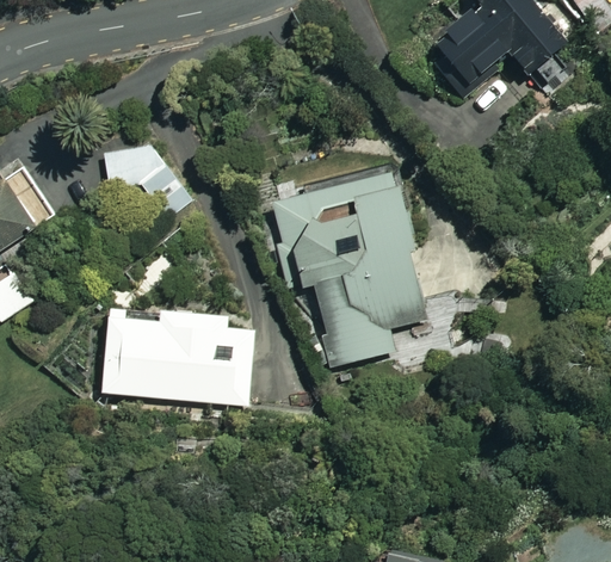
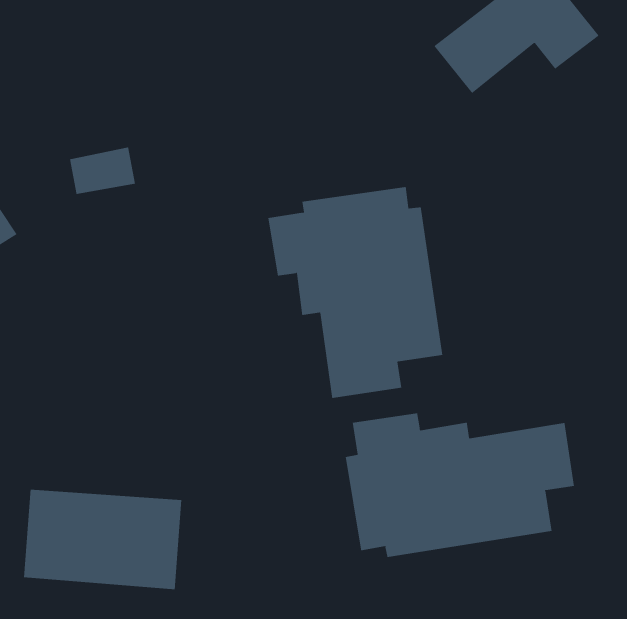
building: [103,314,242,402] -> [23,489,182,590]
building: none -> [345,413,575,558]

